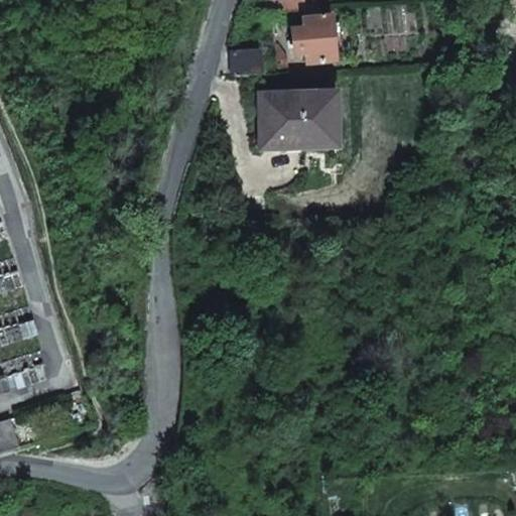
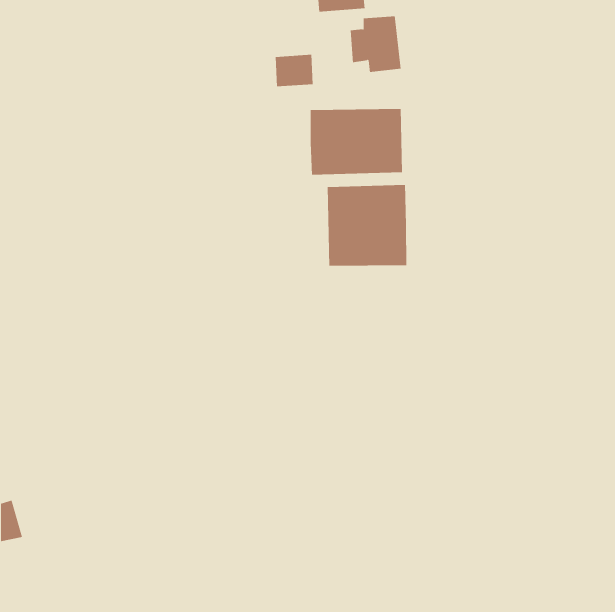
building: none -> [327,184,407,267]

